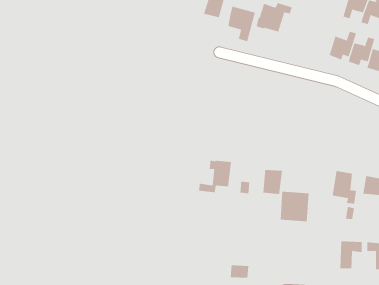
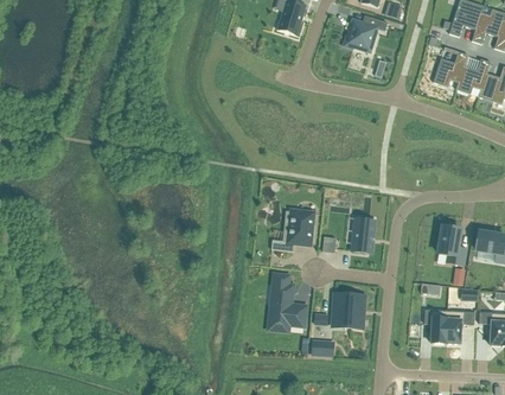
building: [228,6,255,42] -> none
building: [280,191,310,222] -> [330,291,366,329]
building: none -> [269,274,306,330]
building: none -> [424,308,447,344]

